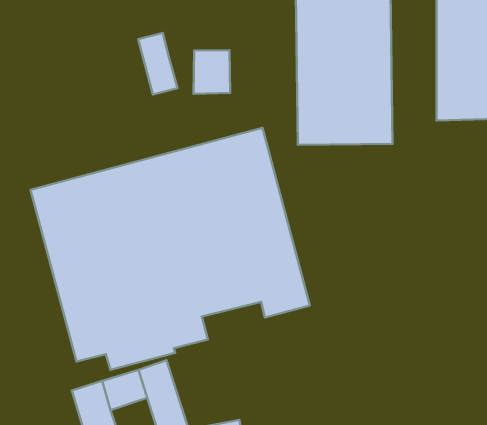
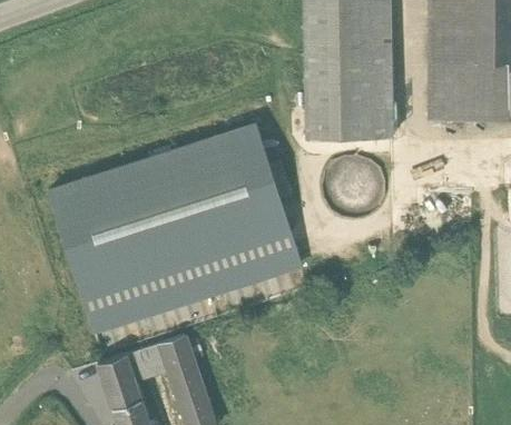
building: [138,33,178,95] -> none
building: [193,50,230,94] -> none

